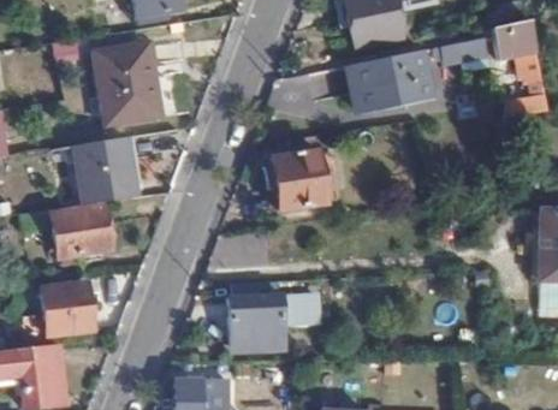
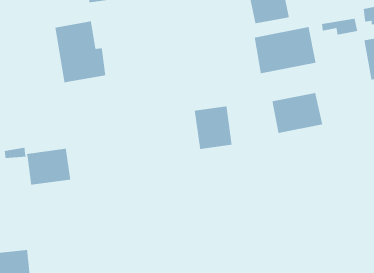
building: [77,136,137,203] -> none
building: none -> [271,92,323,134]
building: [43,283,95,335] -> none
building: [232,283,310,352] -> none

